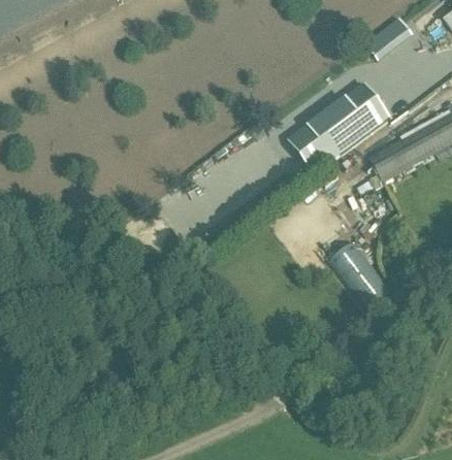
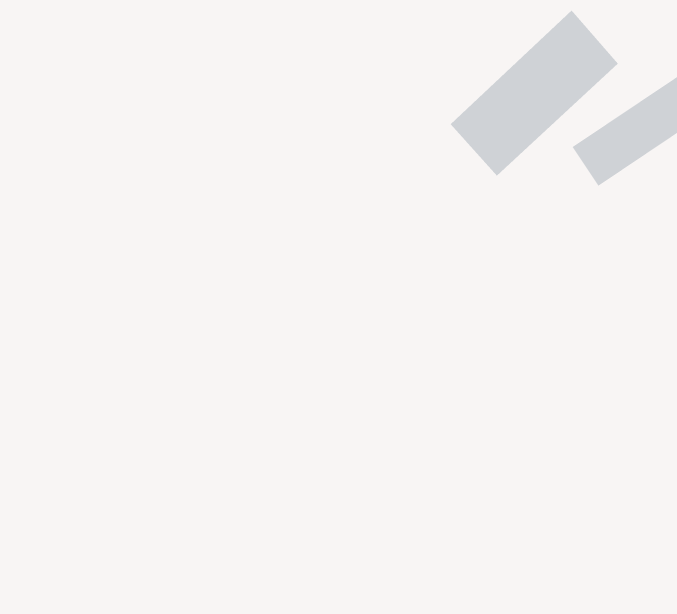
building: [326,238,389,306] -> none

